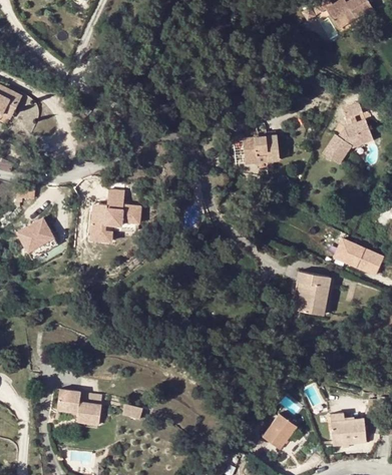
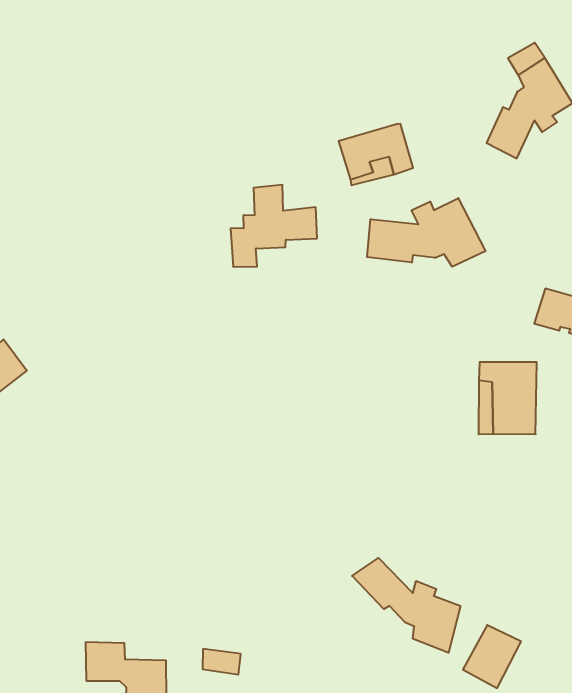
building: none -> [367,198,485,267]
building: [89,190,139,233] -> [231,185,317,267]
building: none -> [352,558,460,653]

